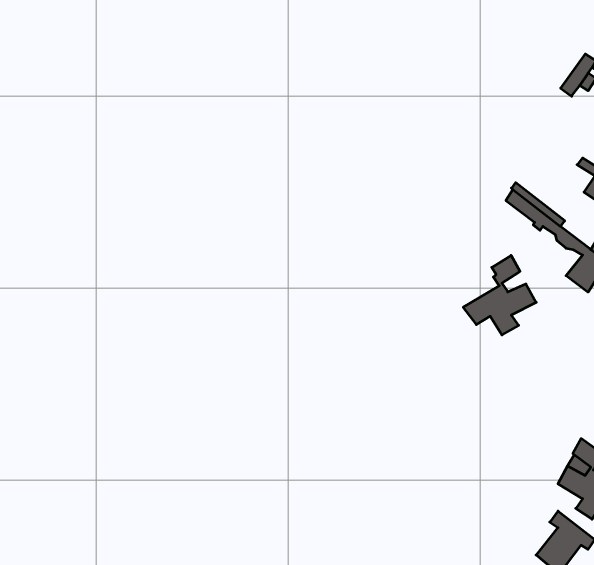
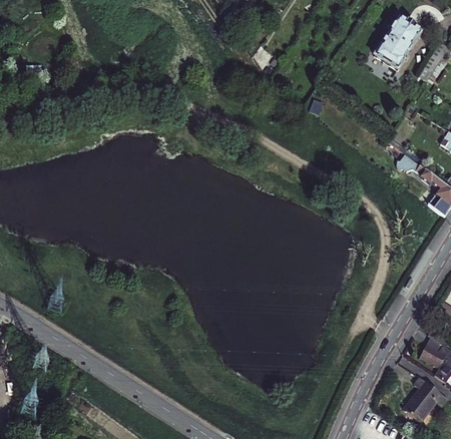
building: none -> [375,18,419,68]
building: [463,255,536,335] -> none

